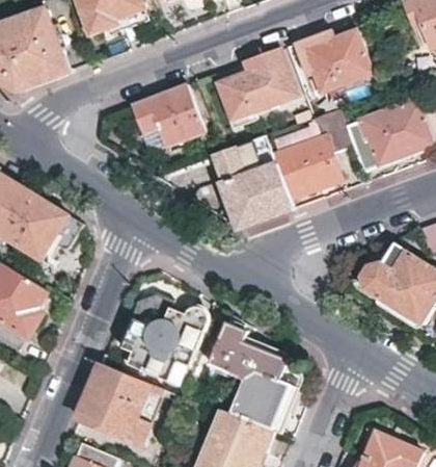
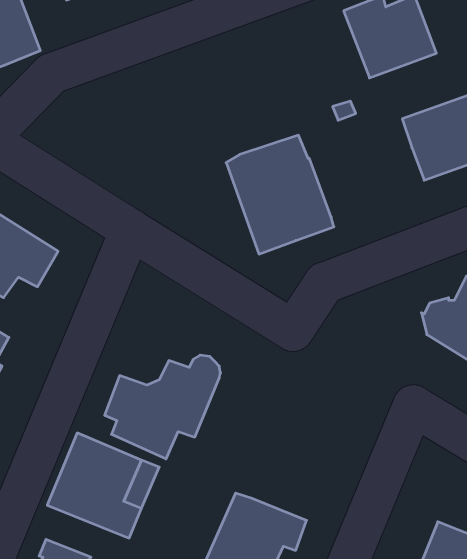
building: [217,49,297,127] -> none
building: [130,85,203,148] -> none
building: [274,108,352,199] -> none
building: [208,312,292,432] -> none

